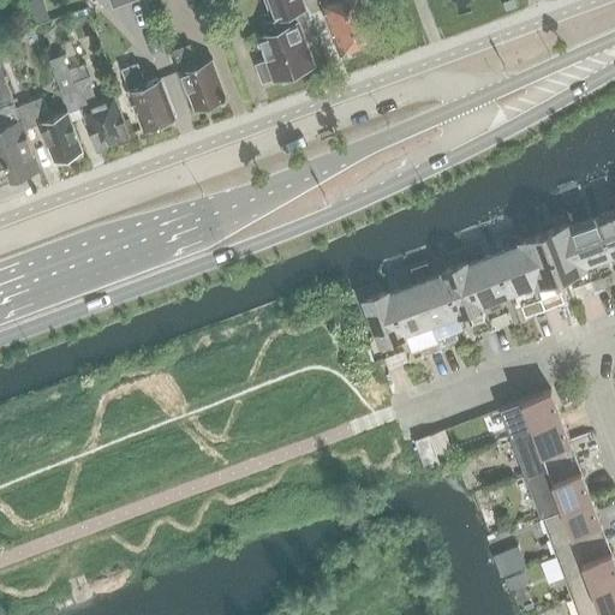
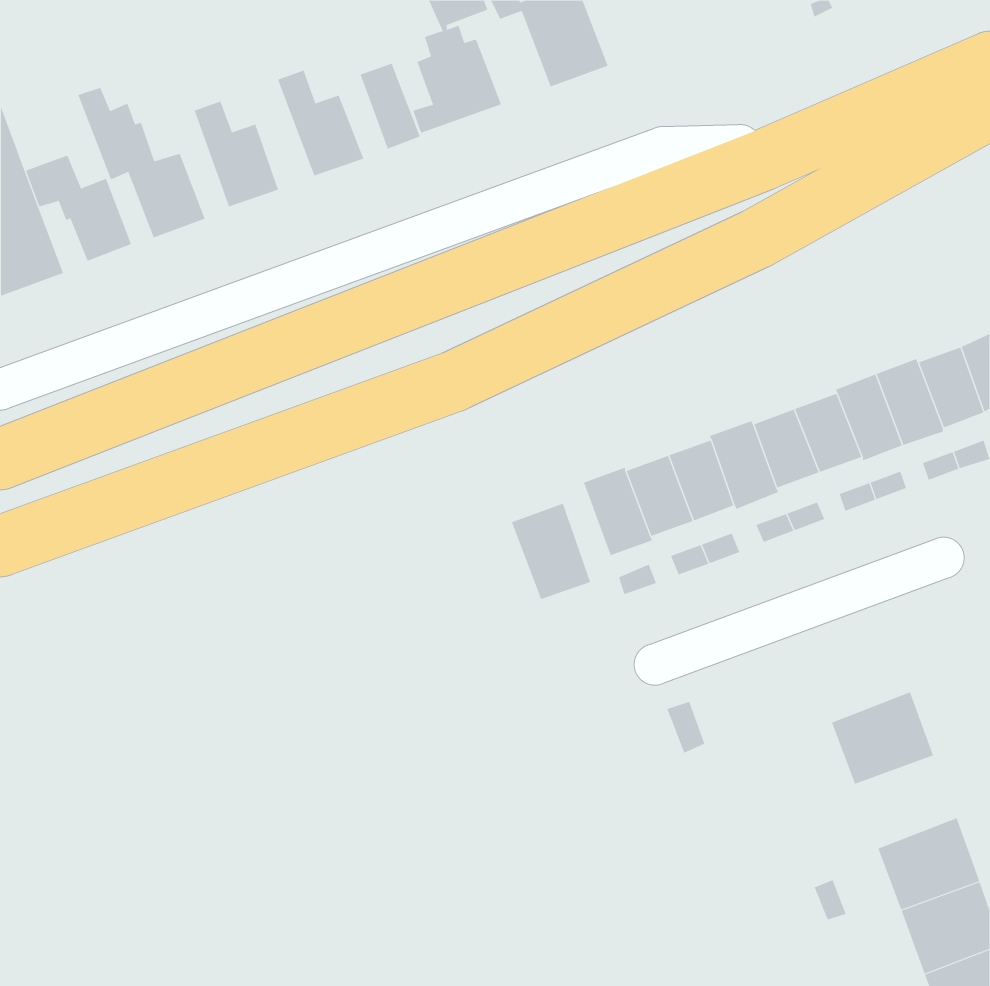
building: none -> [360,63,421,149]
building: none -> [511,503,591,600]
building: [500,392,565,450] -> none
building: [530,471,593,529] -> none

